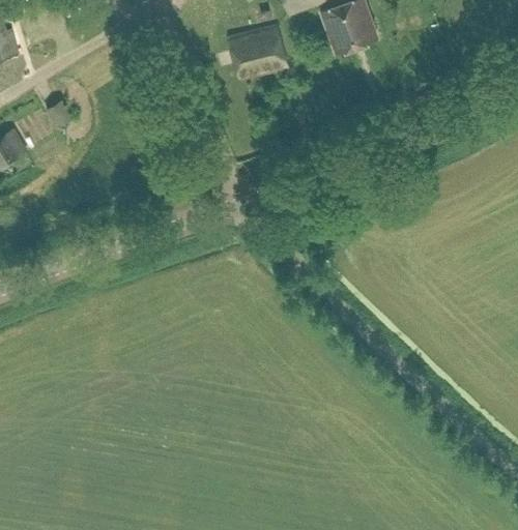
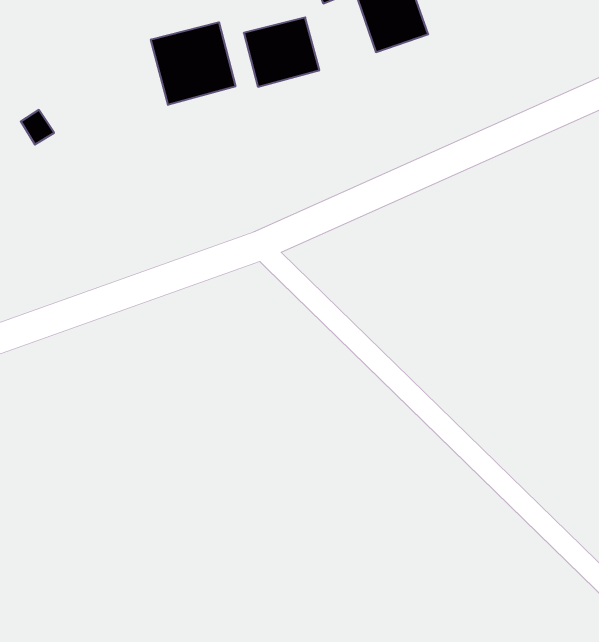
building: none -> [151,22,235,105]

